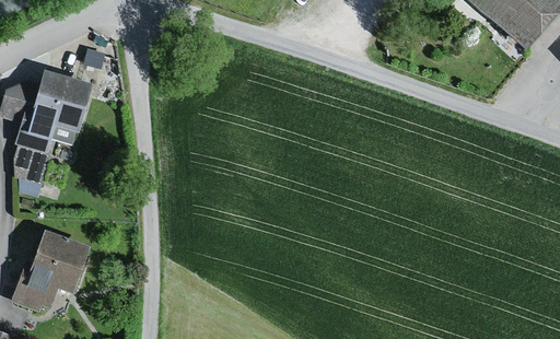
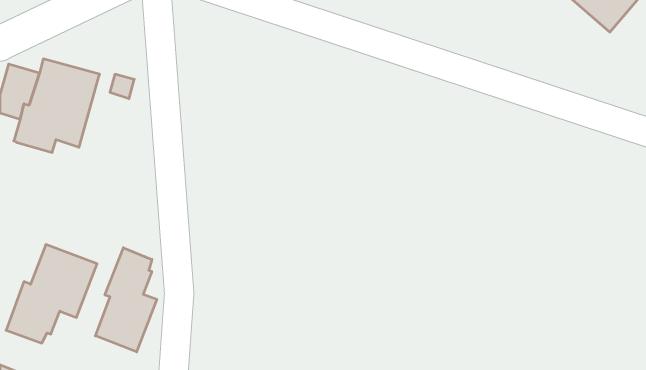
building: [16,142,51,183] -> none
building: none -> [95,248,157,352]

